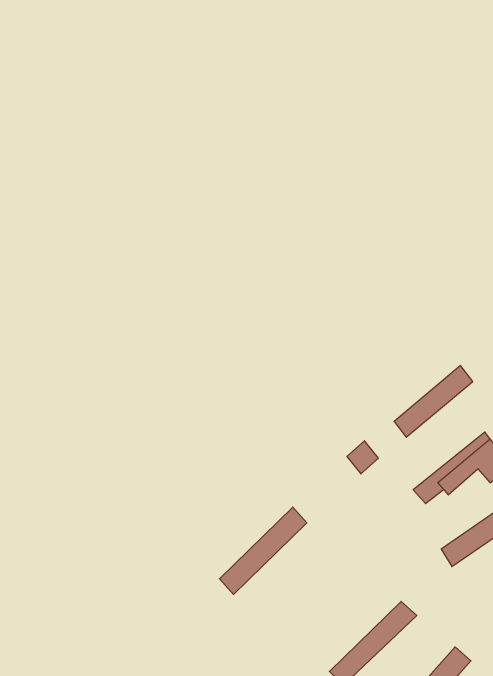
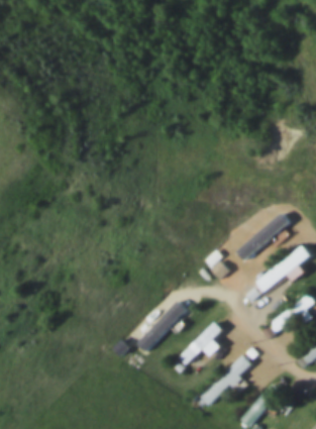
building: none -> [177,324,222,365]

